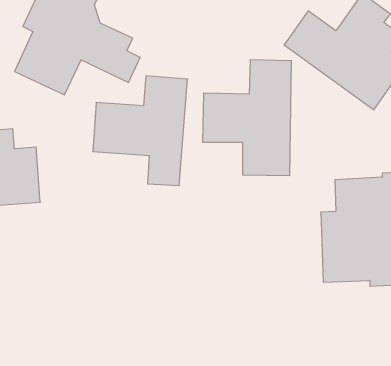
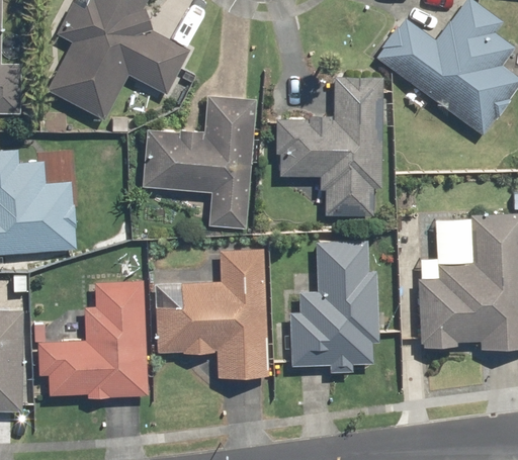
building: none -> [288,240,380,375]
building: none -> [154,249,268,378]
building: none -> [35,280,149,398]

